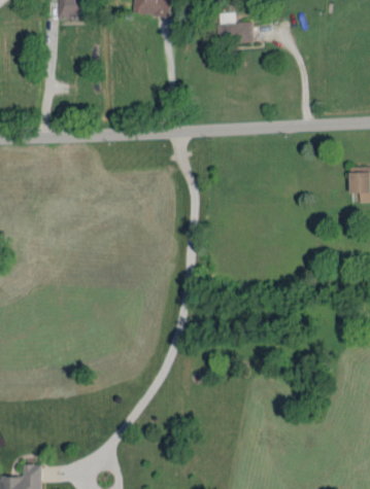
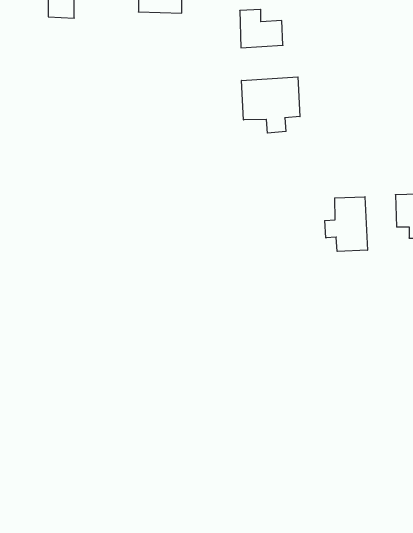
building: none -> [242,77,300,133]
building: none -> [325,197,367,251]

